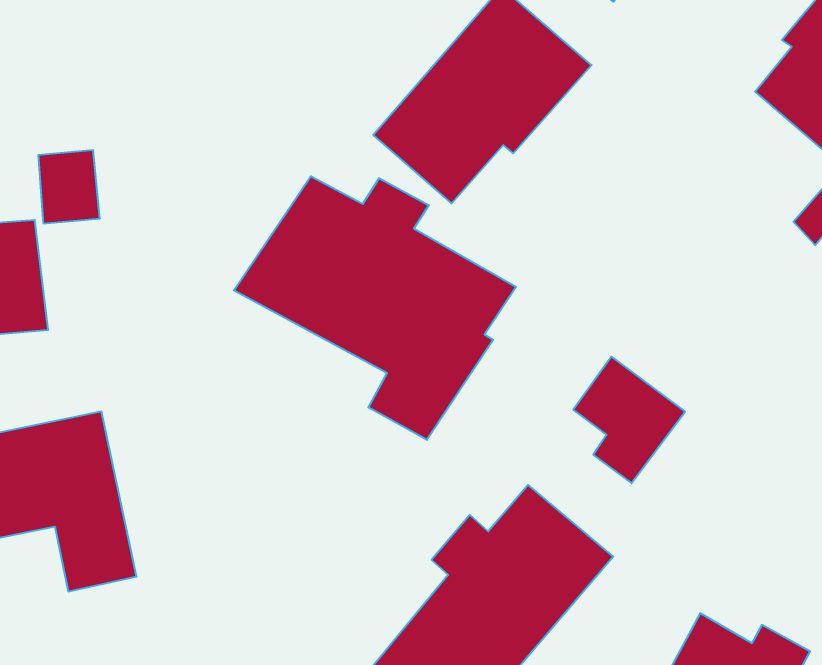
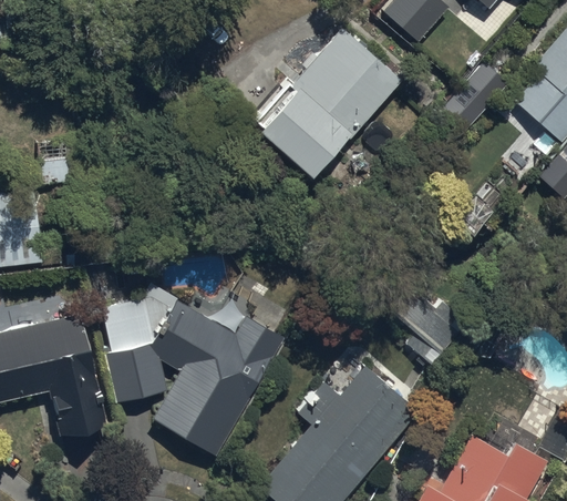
building: none -> [437,64,506,137]
building: [234,176,516,440] -> none
building: none -> [102,283,284,454]

